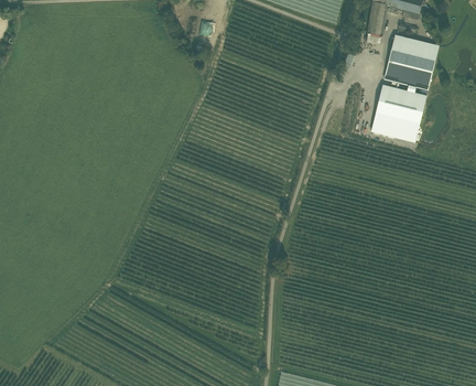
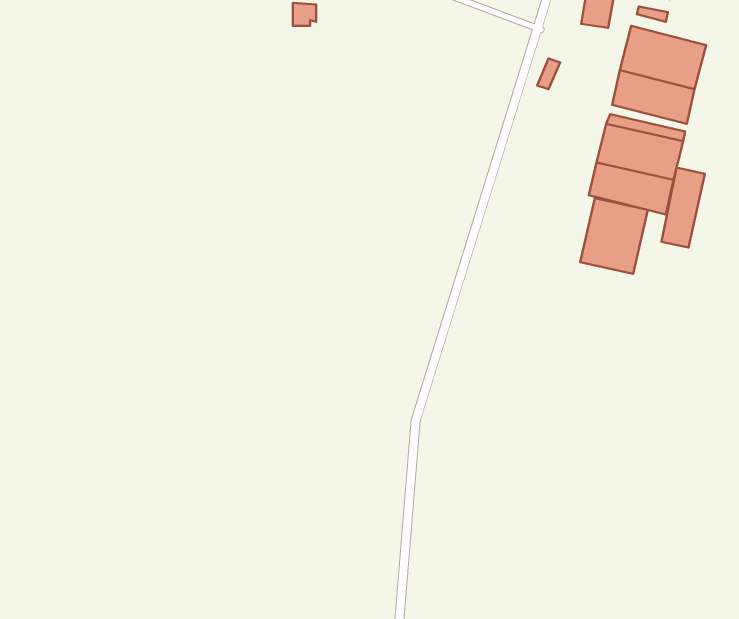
building: none -> [661,167,705,248]
building: none -> [580,198,648,274]

